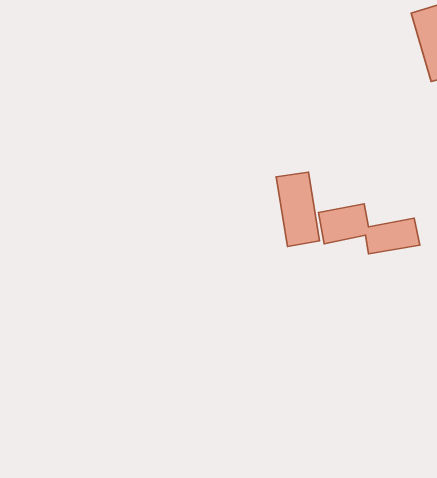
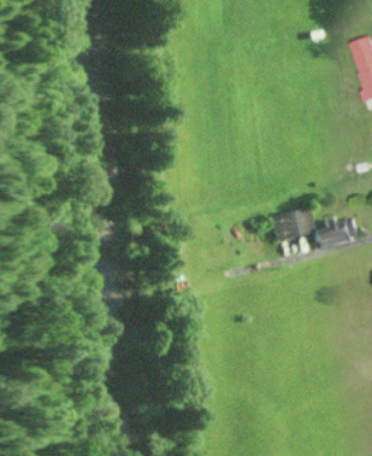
building: [276,172,320,247] -> none

